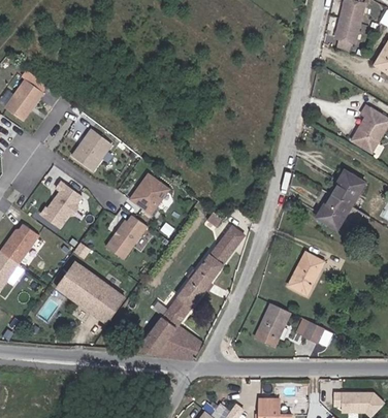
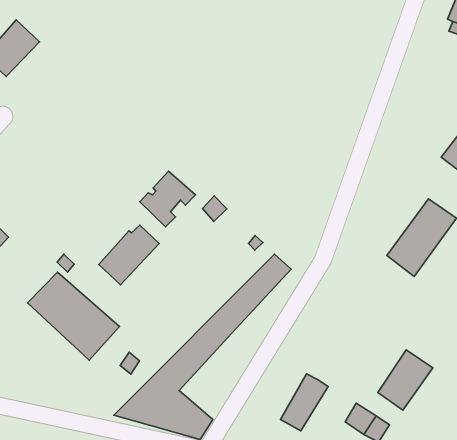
building: [72,128,112,170] -> none
building: [37,176,83,227] -> none
building: [291,252,328,295] -> [378,350,433,410]

